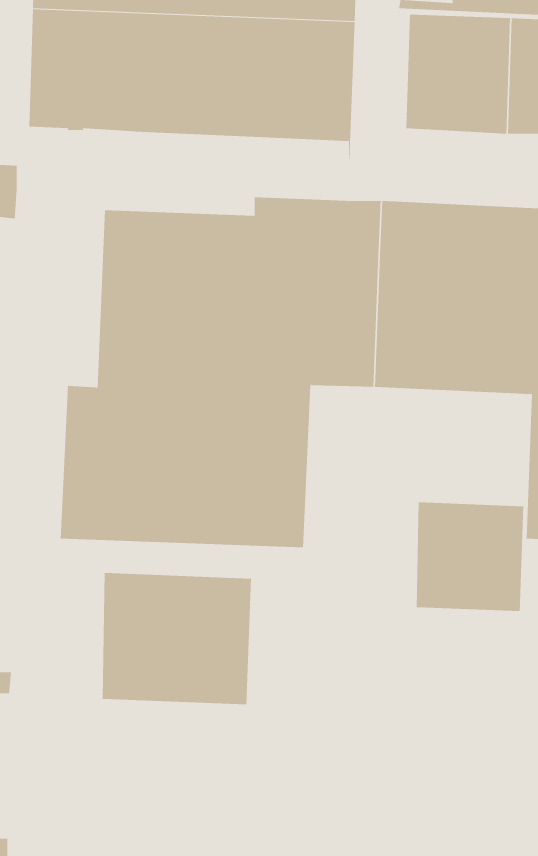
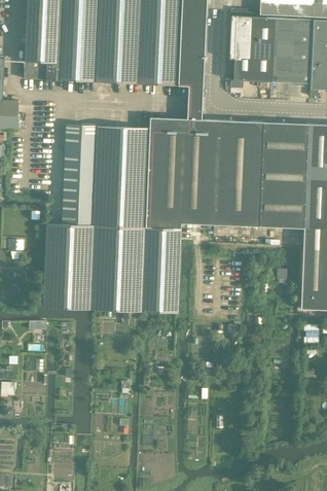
building: [416,502,524,612] -> none
building: [102,572,251,705] -> none

